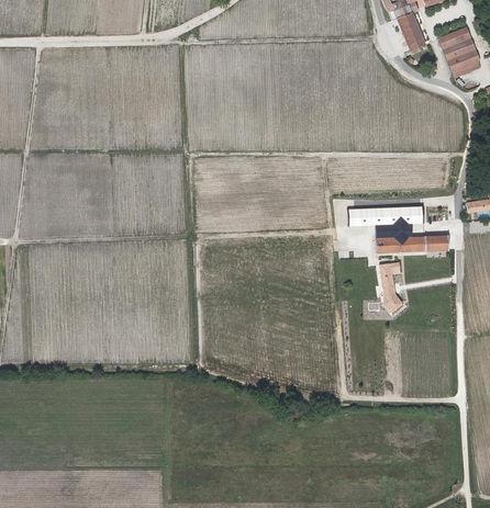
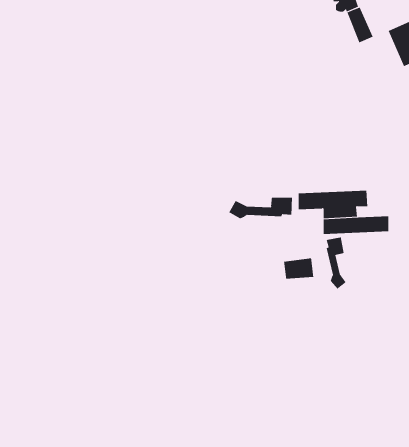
building: none -> [228,197,292,219]
building: none -> [283,258,314,279]

